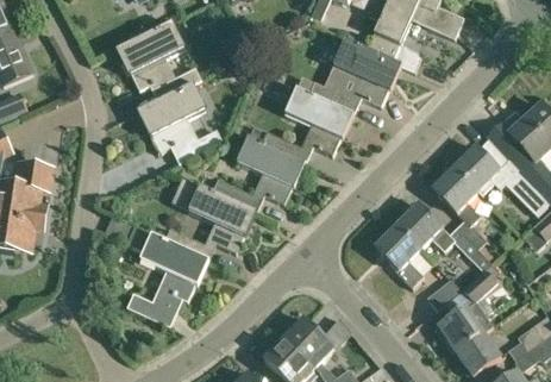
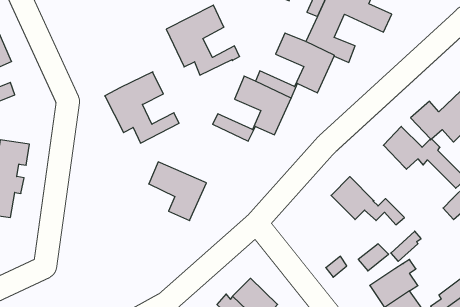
building: [118,20,201,100] -> [166,5,240,75]
building: [236,136,301,203] -> none
building: [432,165,491,257] -> none
building: [372,223,425,288] -> none
building: [125,224,206,325] -> none

